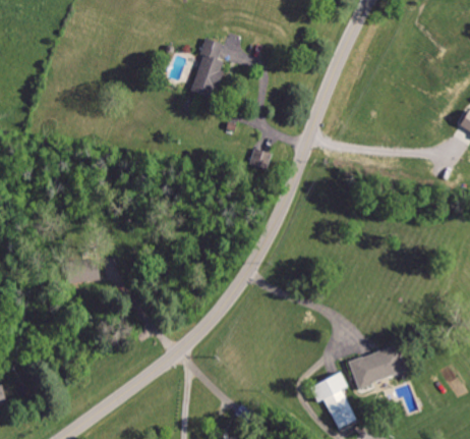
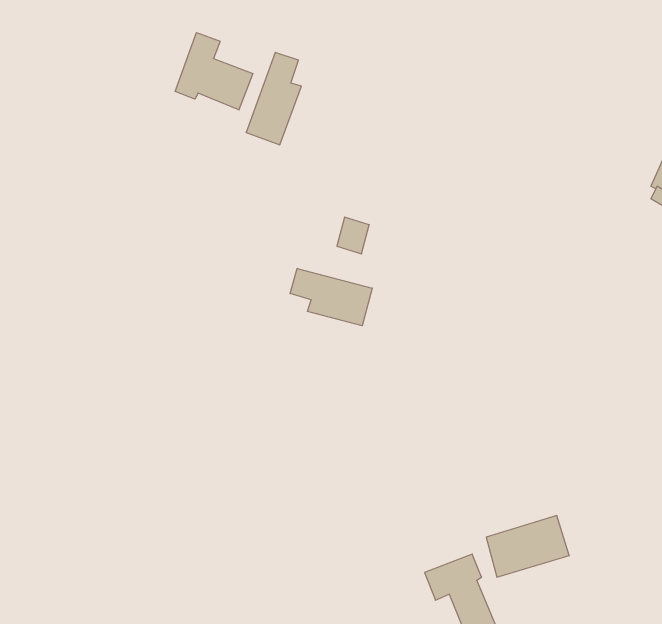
building: none -> [175,33,253,110]
building: none -> [290,268,372,326]

